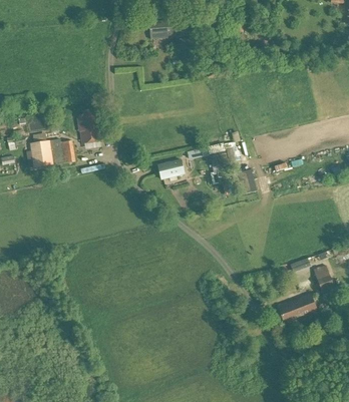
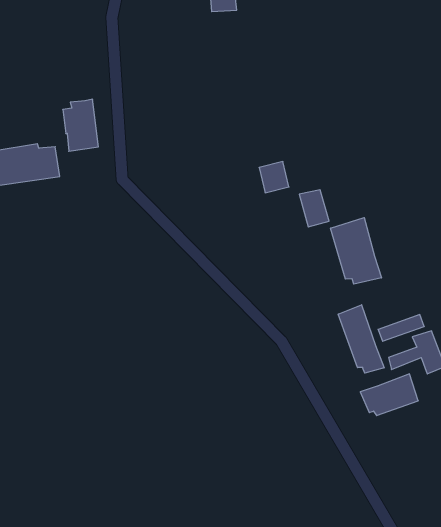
building: [157,159,187,178] -> none
building: none -> [331,218,381,284]
building: none -> [338,305,384,373]

